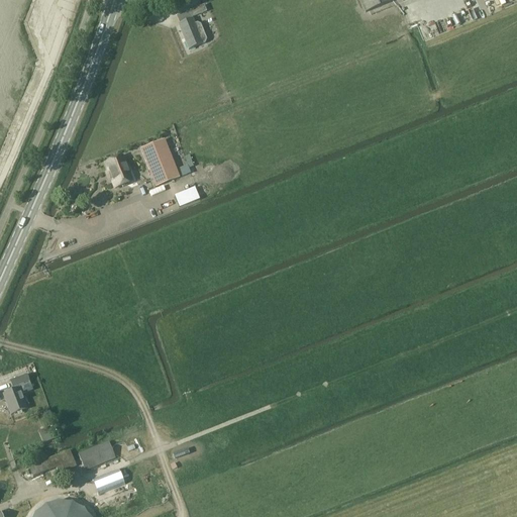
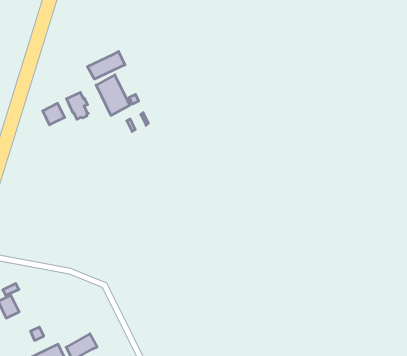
building: none -> [87,51,125,79]
building: none -> [43,103,65,125]

